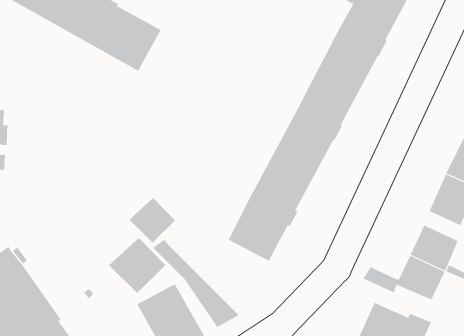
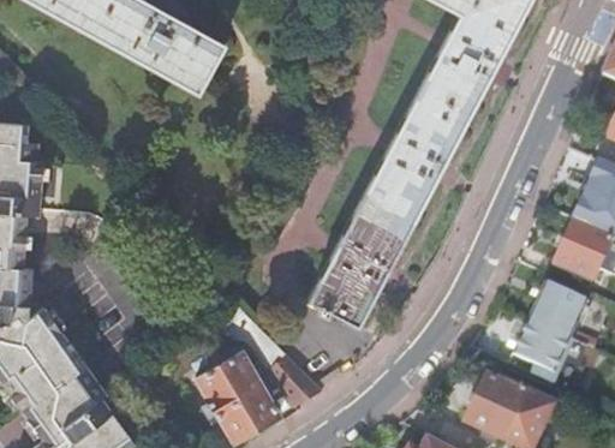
building: [129,197,176,244] -> none
building: [108,237,166,294] -> none

